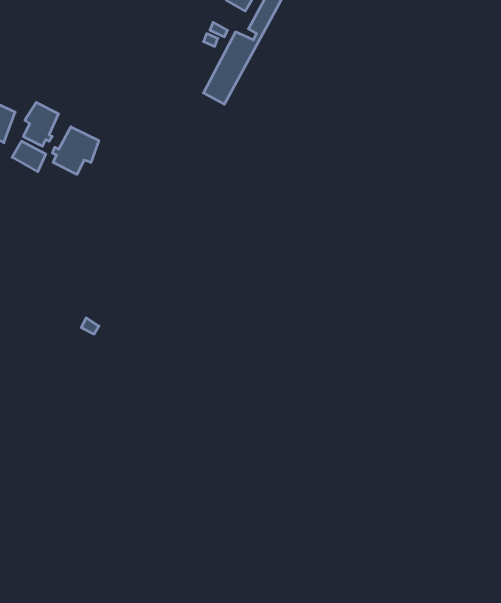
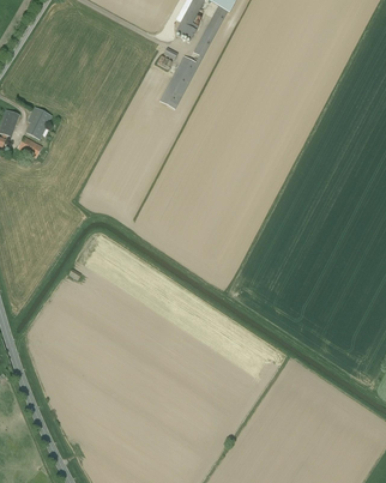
building: [53,127,99,174] -> none

